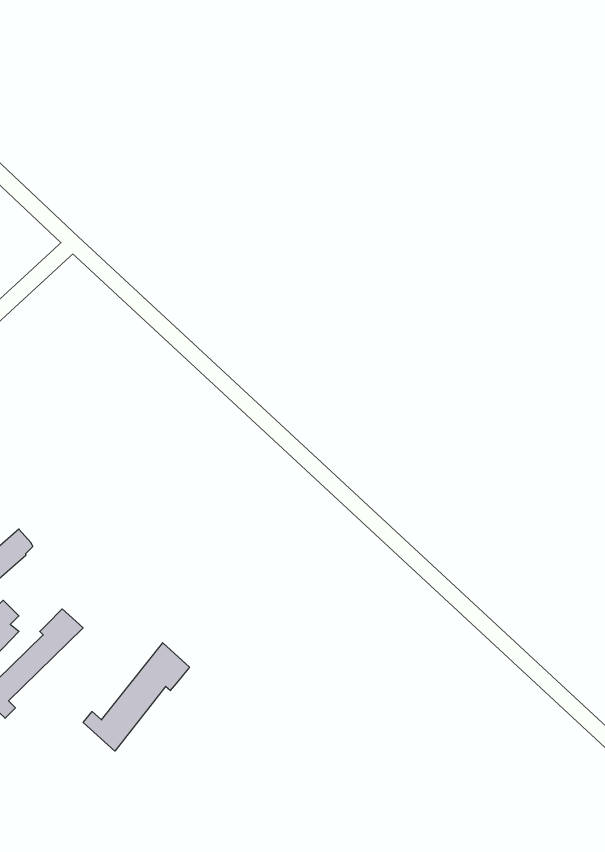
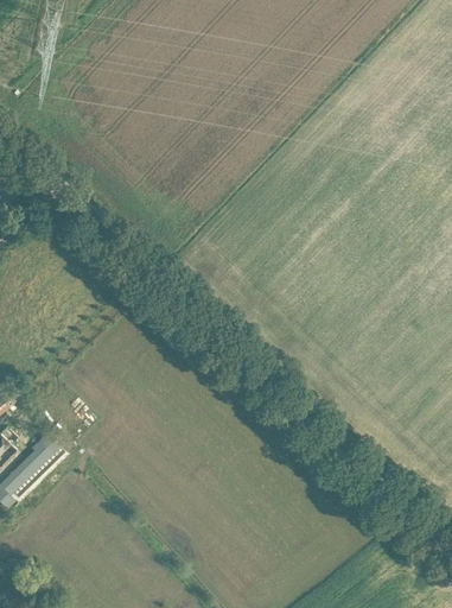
building: [83,643,189,751] -> none

